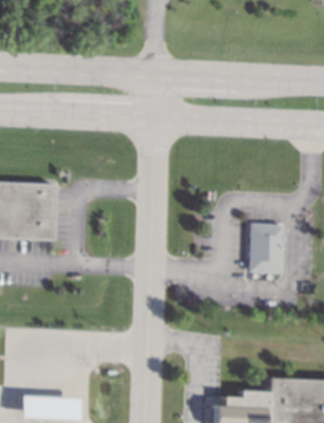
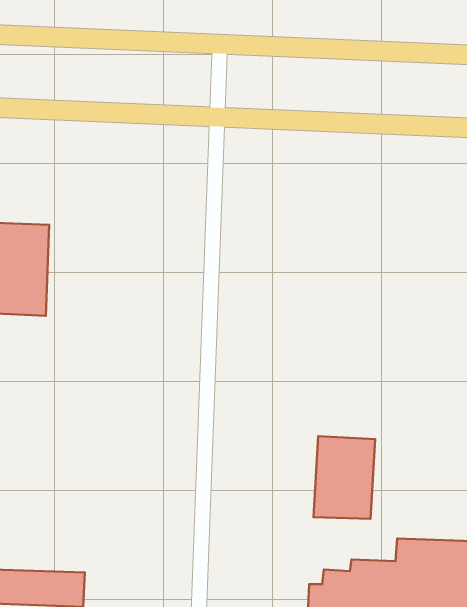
building: [251,222,289,273] -> [313,436,375,519]

